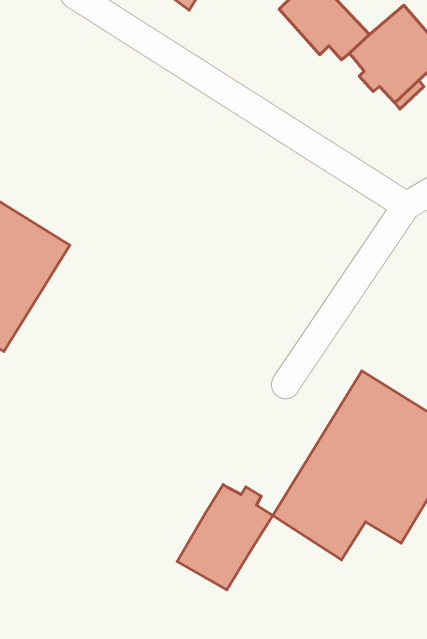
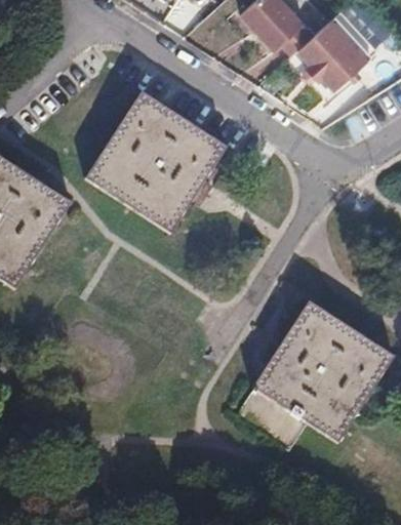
building: none -> [88,92,227,229]
building: [177,485,273,590] -> none

